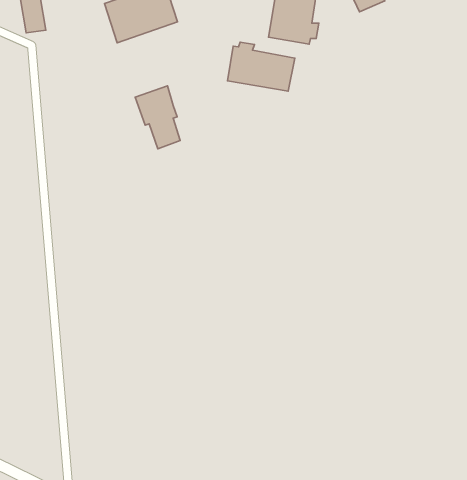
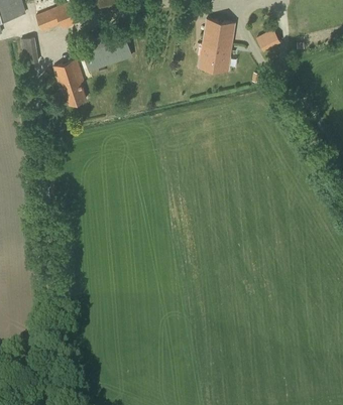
building: [227,42,295,91] -> none
building: [135,86,180,149] -> [53,60,86,106]

